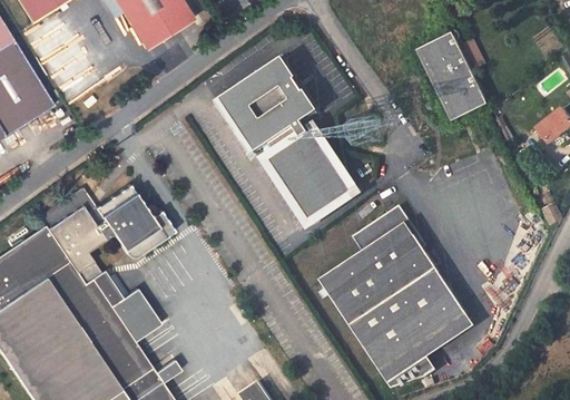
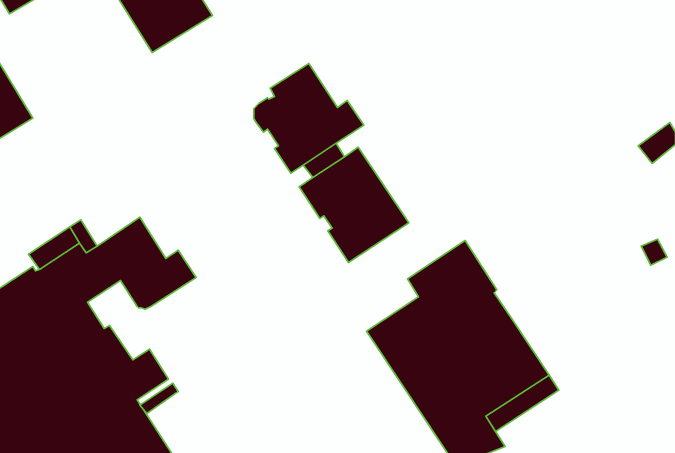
building: [419,30,489,119] -> none

